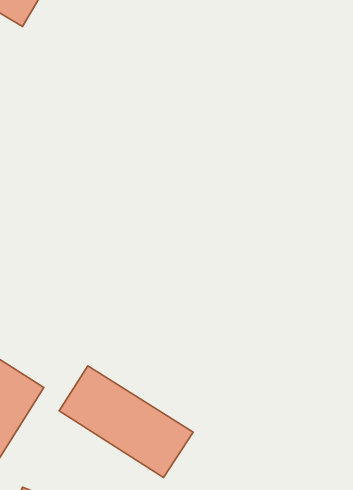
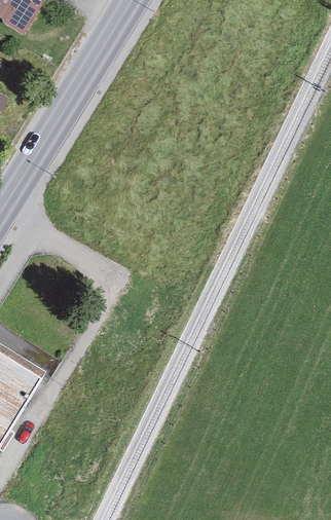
building: [59,366,193,477] -> none

